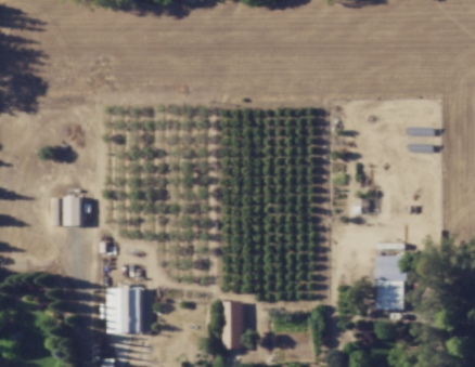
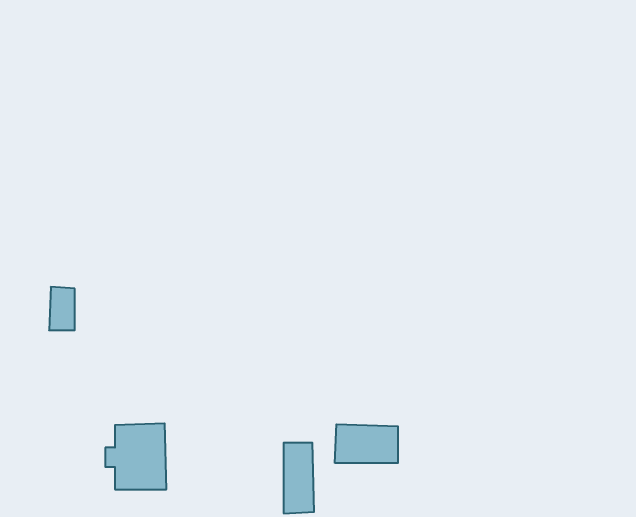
building: [374,255,405,310] -> none
building: none -> [335,424,398,463]

